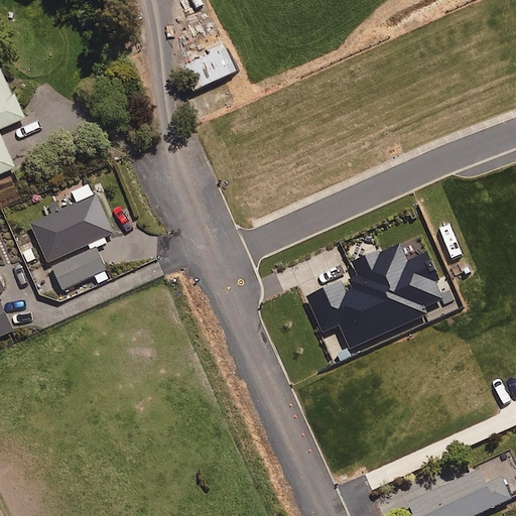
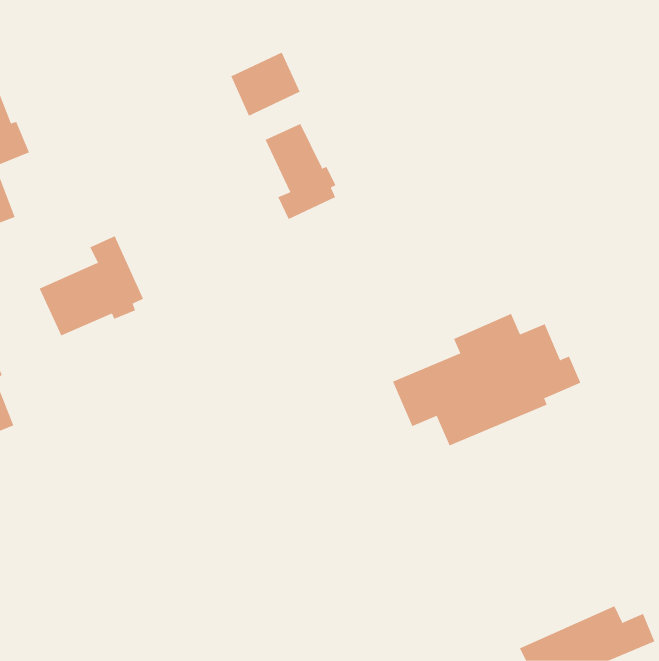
building: none -> [265,123,336,220]
building: [50,248,105,290] -> none

